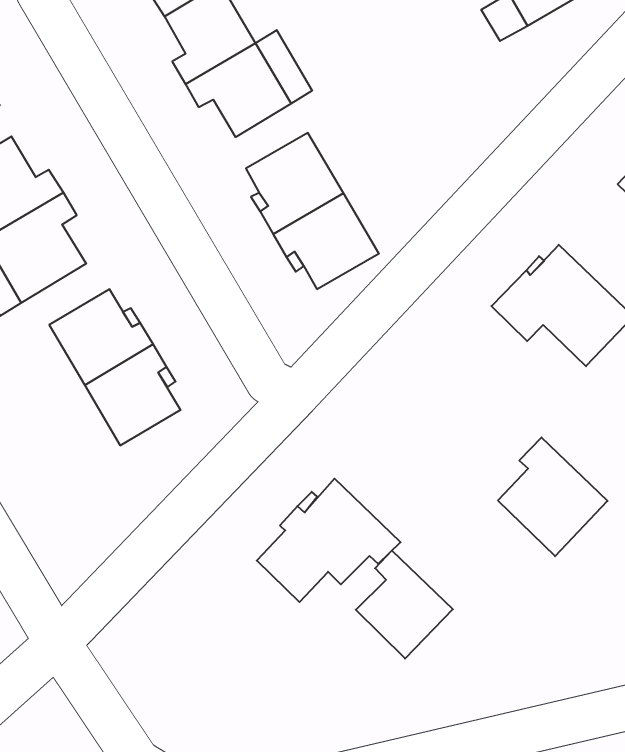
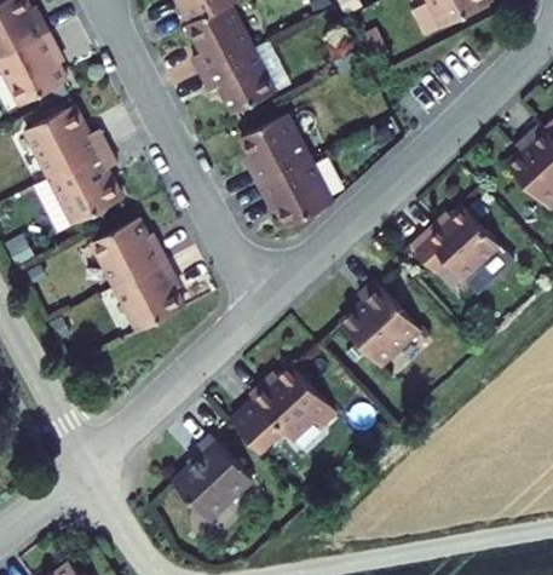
building: [498,437,608,556] -> [340,281,419,367]
building: [356,551,453,659] -> none
building: none -> [172,436,252,521]

